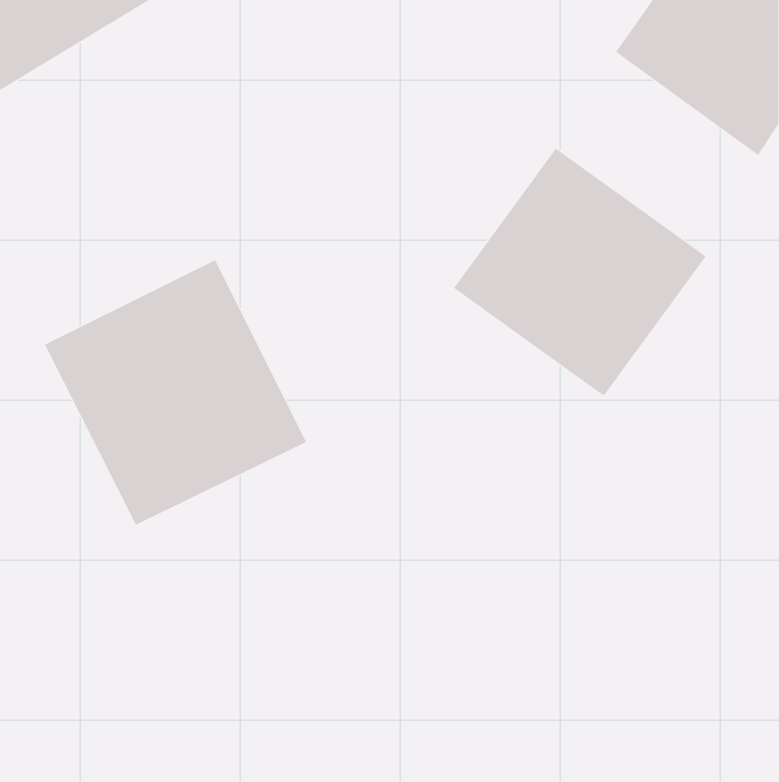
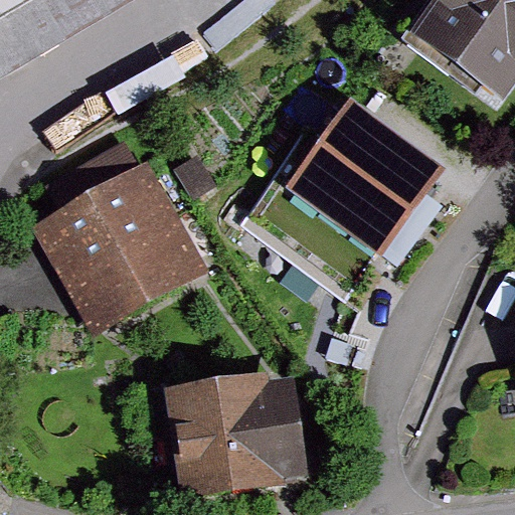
building: none -> [177,369,308,482]

